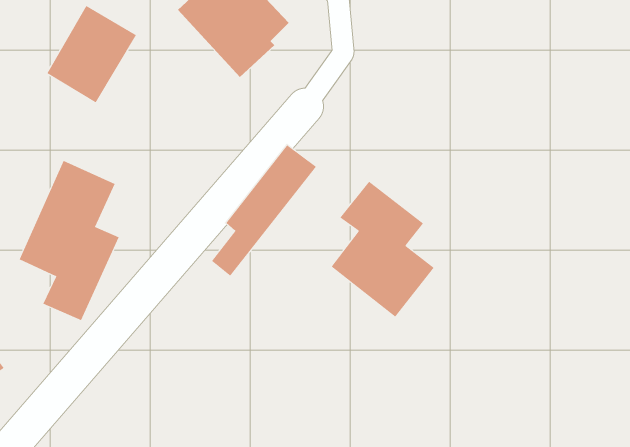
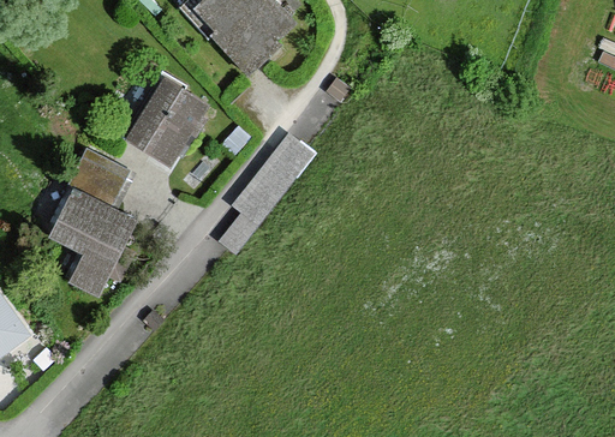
building: [47,5,137,103] -> [125,73,208,163]
building: [331,181,435,317] -> none

